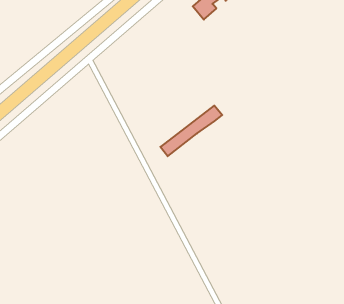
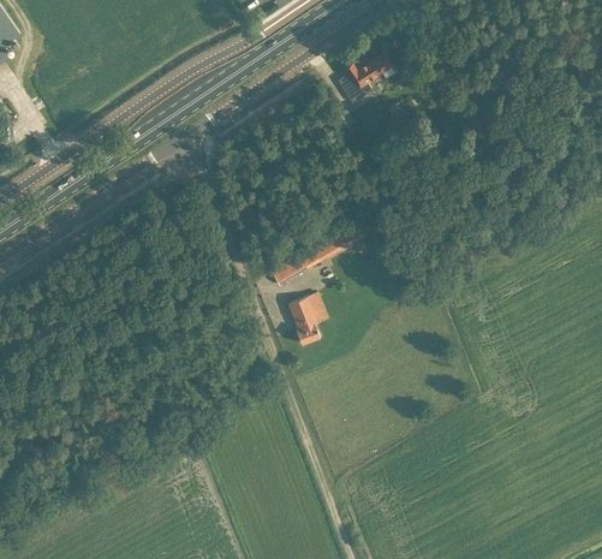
building: none -> [288,297,320,345]

